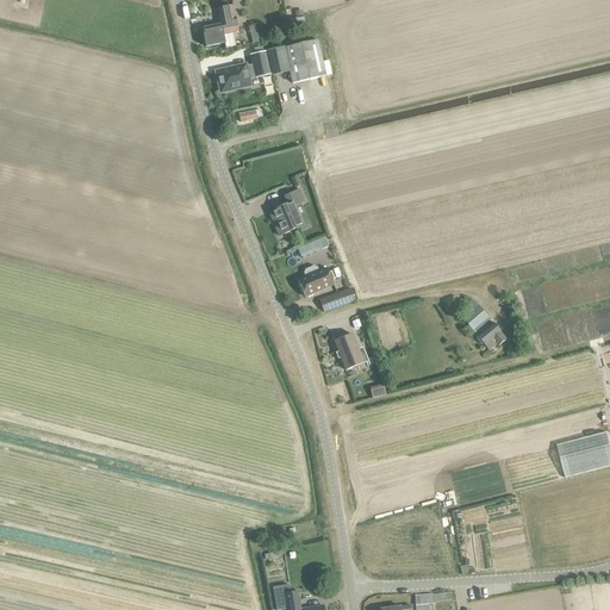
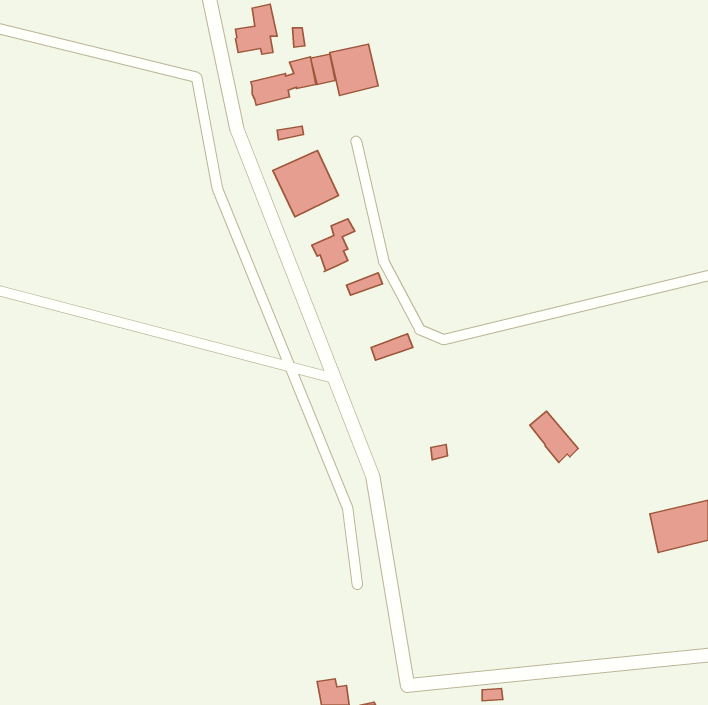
building: none -> [273,151,338,217]
building: [298,264,334,295] -> none
building: [463,305,505,349] -> [530,411,578,462]
building: [334,332,363,368] -> none

